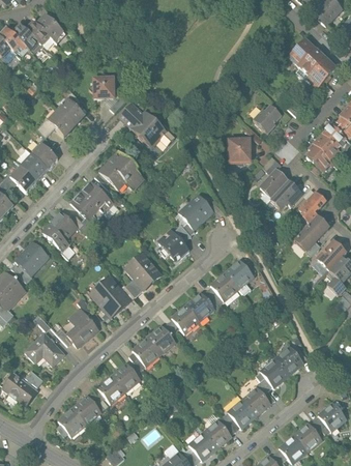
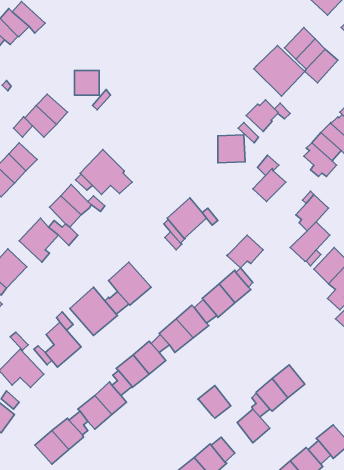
building: none -> [254,46,305,96]
building: [118,100,168,147] -> none
building: [268,178,301,208] -> [227,235,263,268]
building: [157,228,191,261] -> none
building: [227,399,257,429] -> [198,386,231,418]

